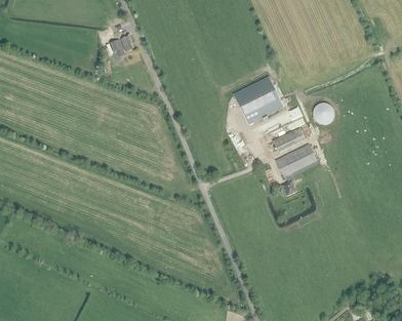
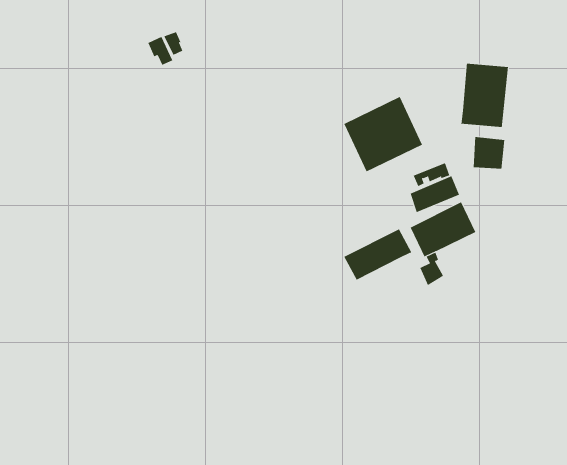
building: none -> [460,63,508,128]
building: none -> [344,229,412,281]

